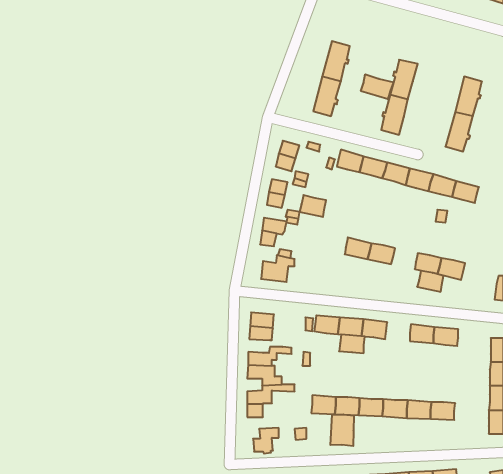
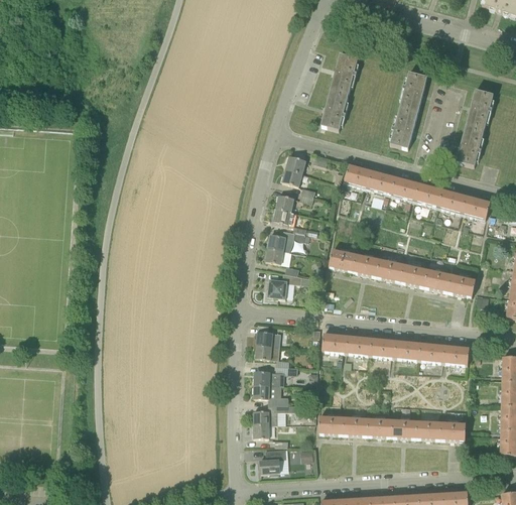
building: [361,74,394,99] -> none
building: [299,195,326,217] -> [329,249,356,271]
building: [417,271,444,292] -> [400,265,427,286]
building: [339,334,365,353] -> [394,341,420,360]
building: [330,414,354,446] -> none

